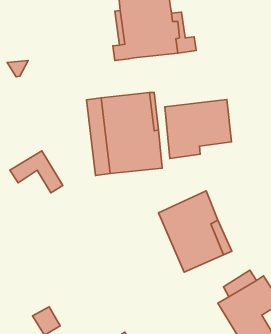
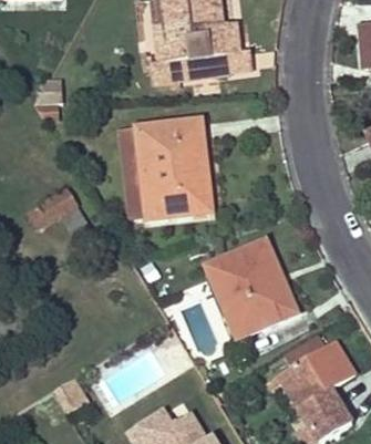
building: [165,99,232,158] -> none

